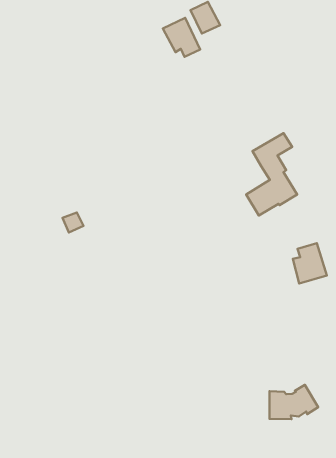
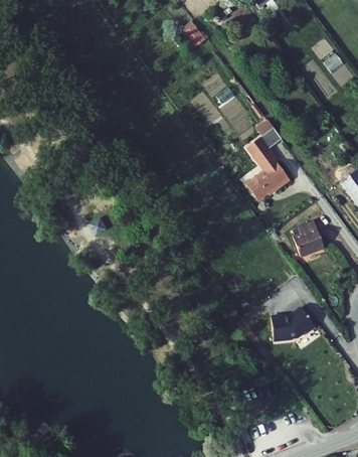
building: [163,18,200,57] -> none
building: [269,385,318,419] -> [263,313,308,346]

